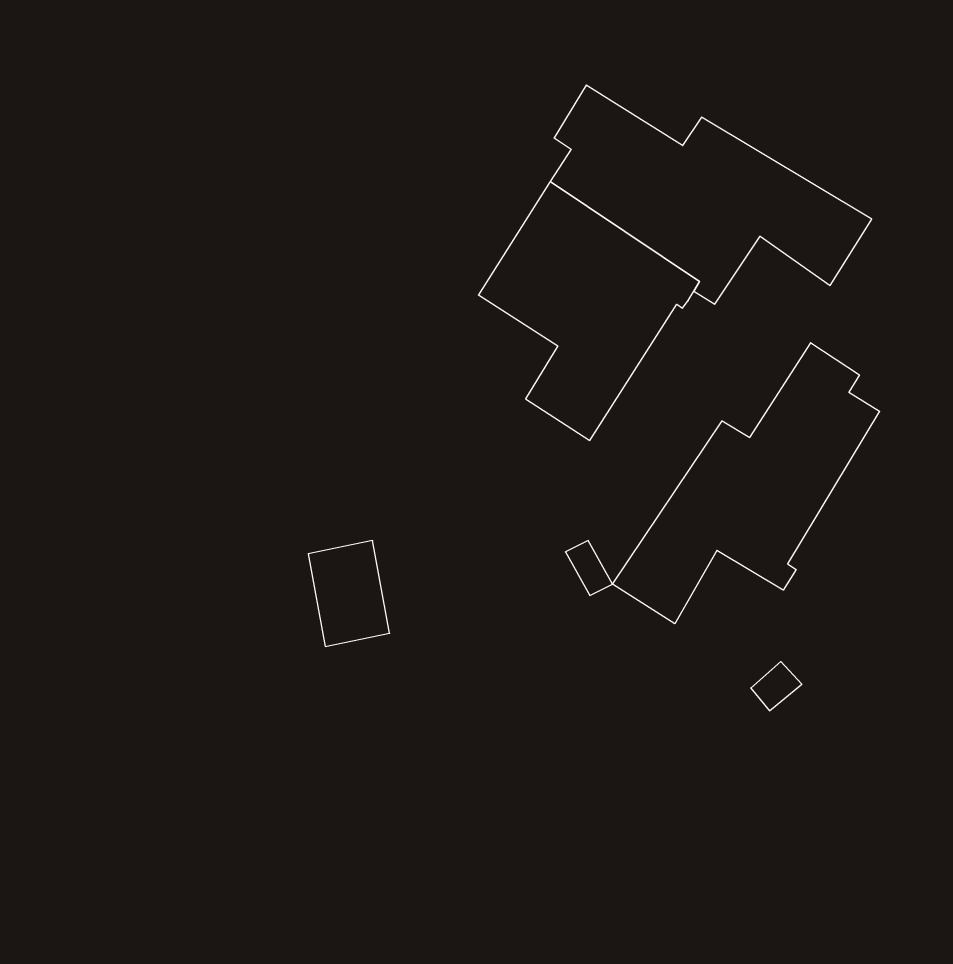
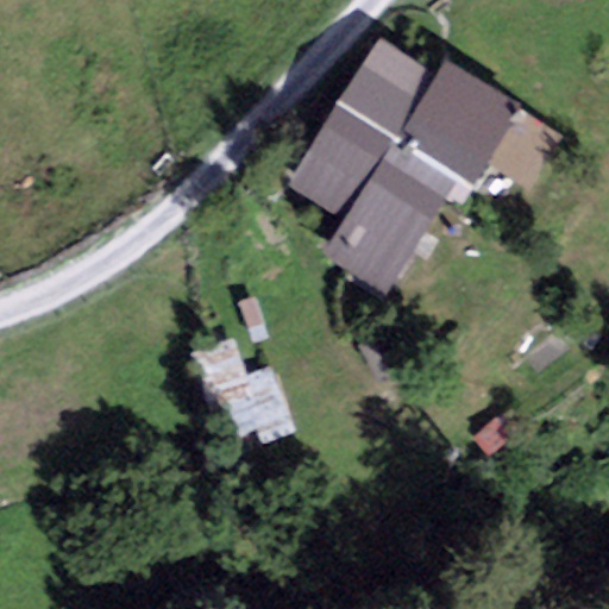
building: [613,343,880,624] -> none

